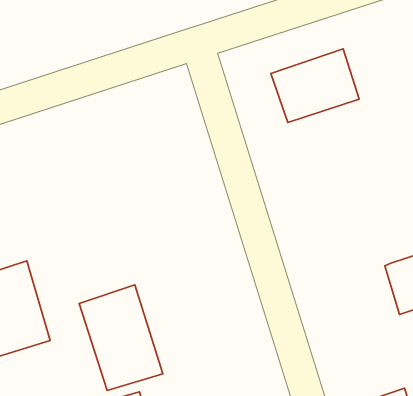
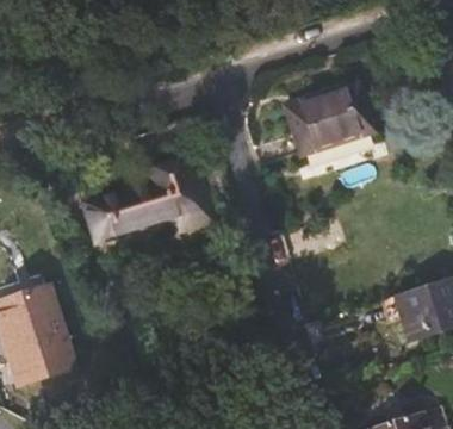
building: none -> [93,160,211,240]
building: [79,285,163,391] -> none

